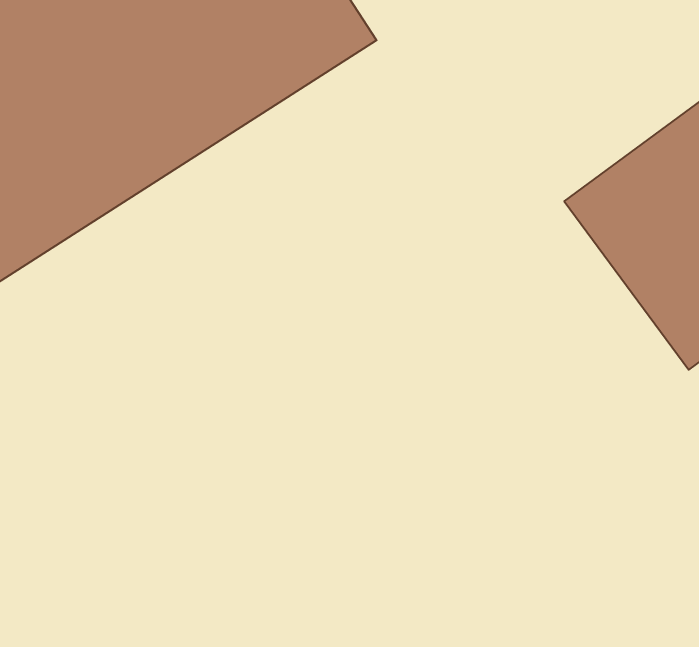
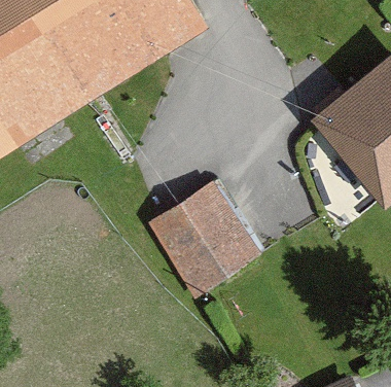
building: none -> [147,180,261,295]

